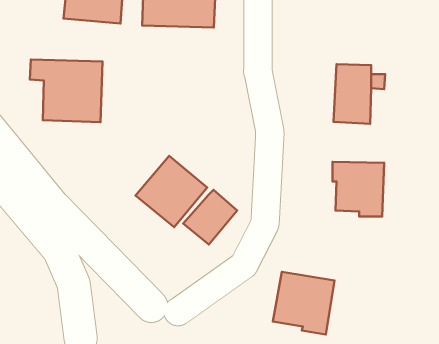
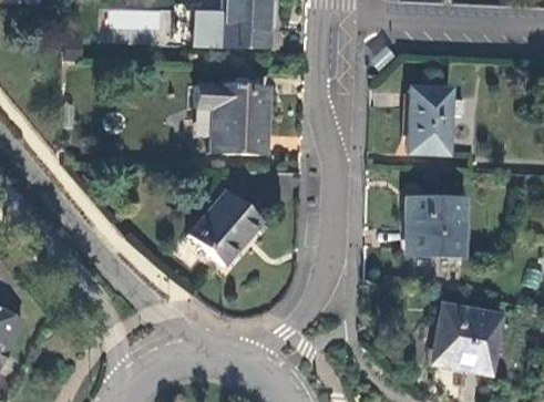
building: [30,60,103,122] -> [194,84,275,154]
building: [183,190,237,245] -> none
building: [273,272,335,334] -> [430,303,499,373]

